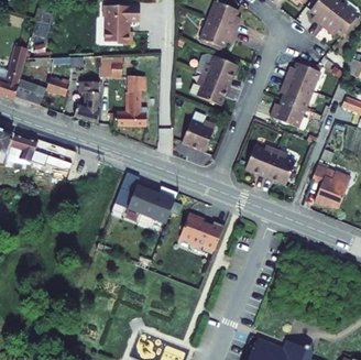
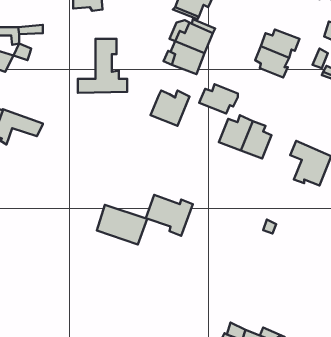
building: [101,57,124,77] -> none
building: [76,80,102,123] -> none
building: [266,100,303,128] -> [199,84,238,113]
building: [121,188,168,226] -> [97,205,147,245]

